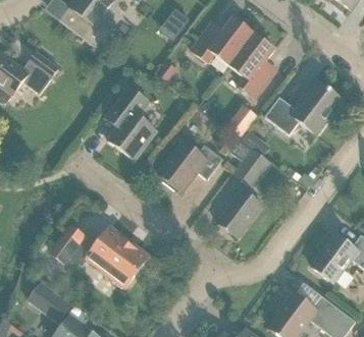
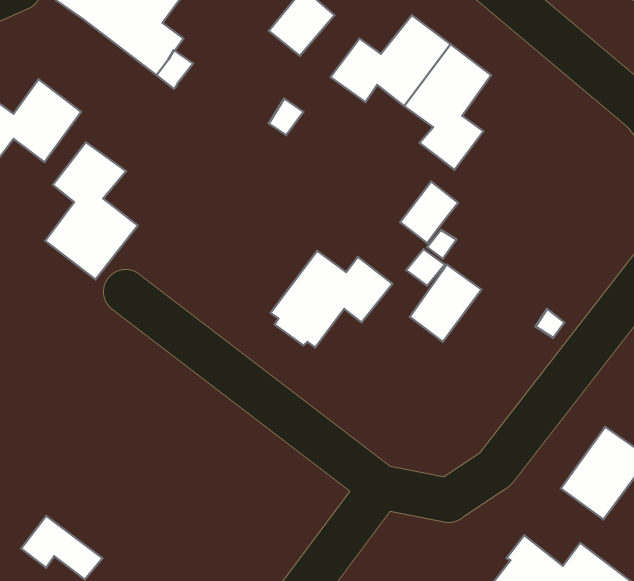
building: [264,80,343,133] -> none
building: [107,87,156,159] -> [45,142,138,279]
building: [215,188,262,237] -> none
building: [47,223,85,264] -> none
building: [86,226,148,286] -> none

